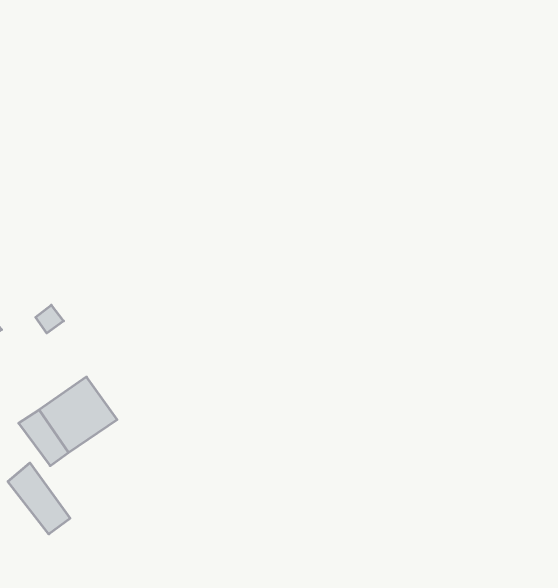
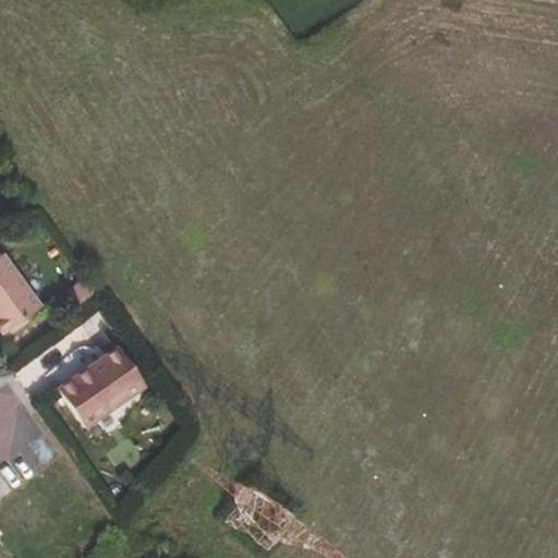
building: [8,463,70,534] -> none

